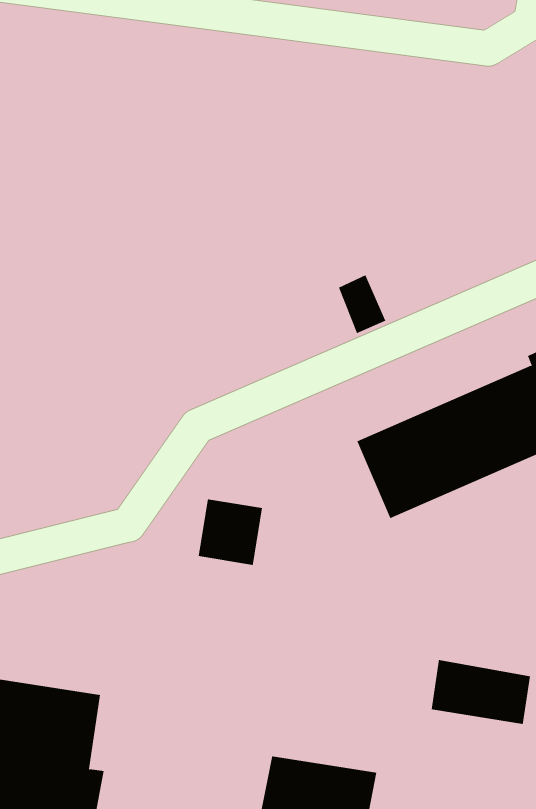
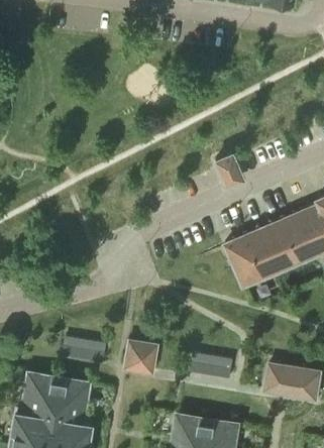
building: [198,499,263,565] -> [126,338,161,374]
building: none -> [69,336,108,361]
building: none -> [192,352,236,378]

